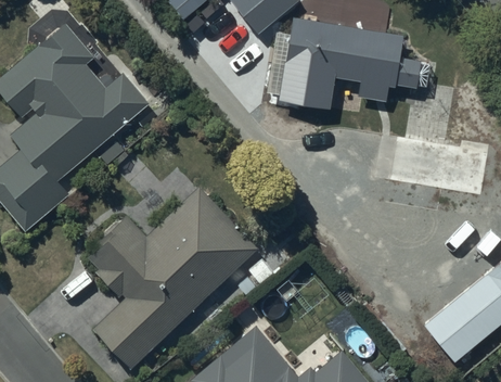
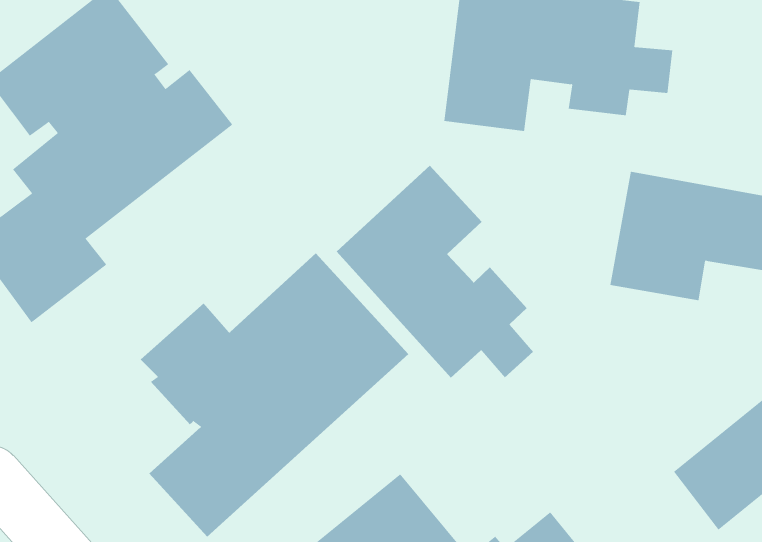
building: none -> [336,165,534,378]

